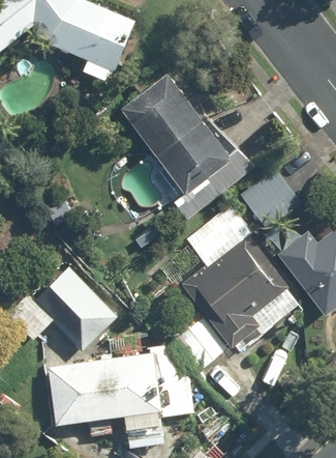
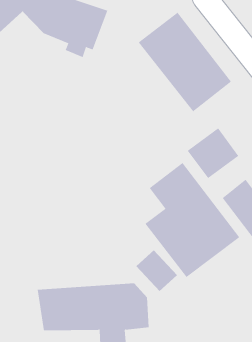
building: [118,70,235,196] -> [138,12,232,112]
building: [28,264,115,352] -> none

